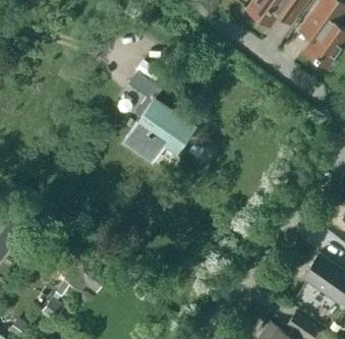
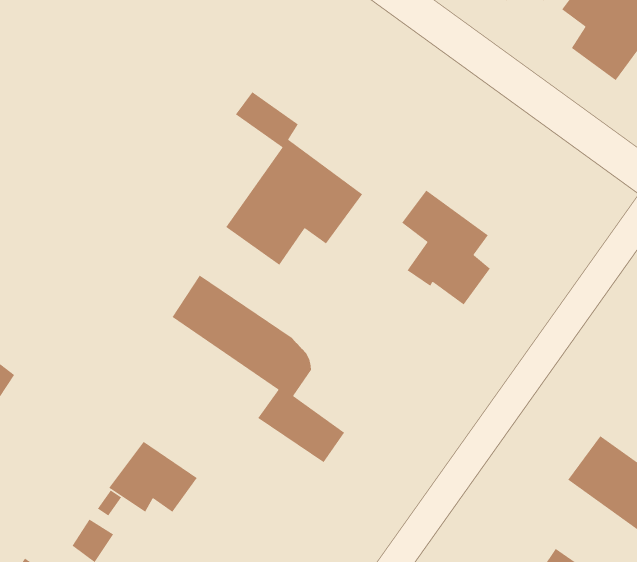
building: none -> [401,190,491,306]
building: none -> [171,274,345,463]

